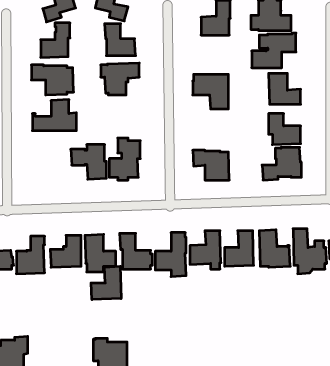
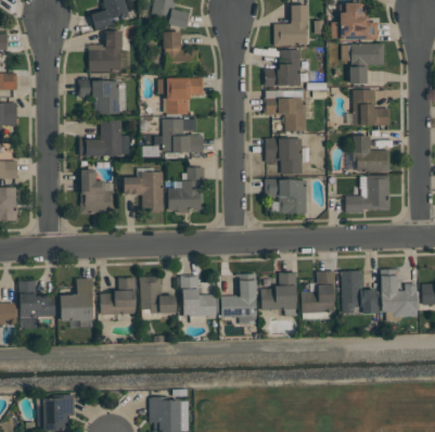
building: none -> [264,49,300,86]
building: none -> [163,118,203,151]
building: none -> [266,138,303,174]
building: none -> [79,169,115,214]
building: [91,266,121,300] -> none

